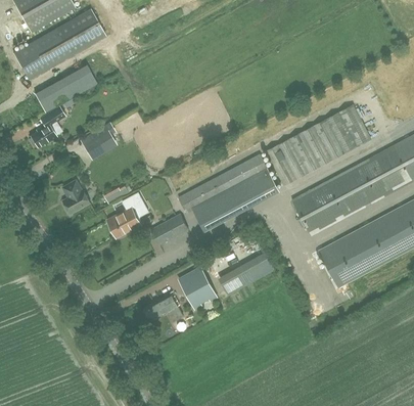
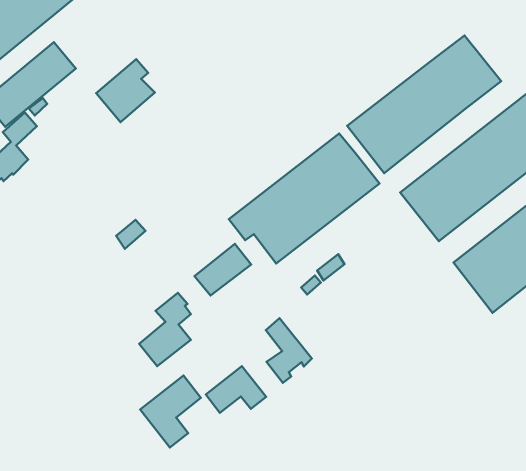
building: [79,122,117,161] -> [96,59,155,122]
building: [62,180,89,214] -> none
building: [106,192,143,237] -> [139,293,191,366]
building: [220,256,274,295] -> none
building: none -> [140,375,201,448]

